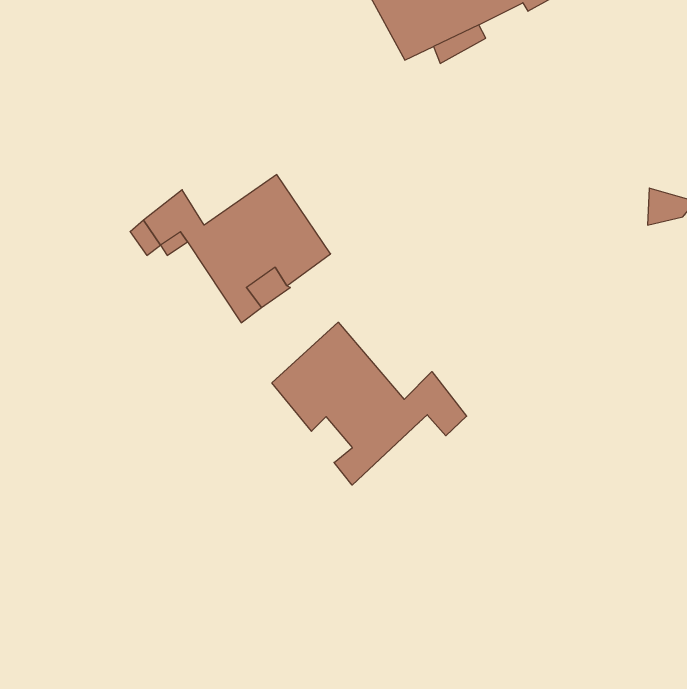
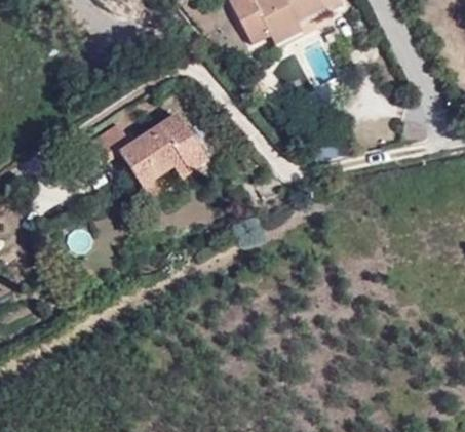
building: [272,322,467,485] -> none

